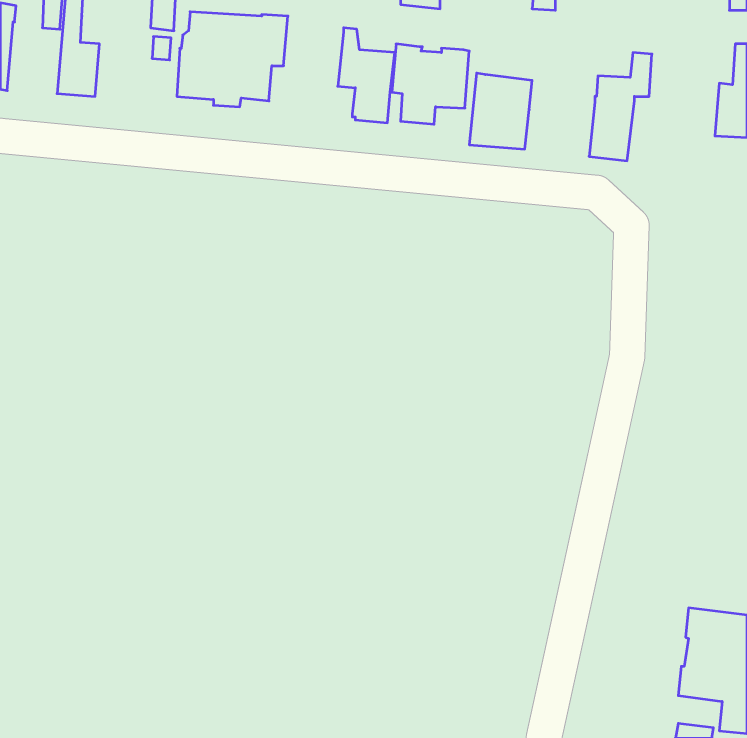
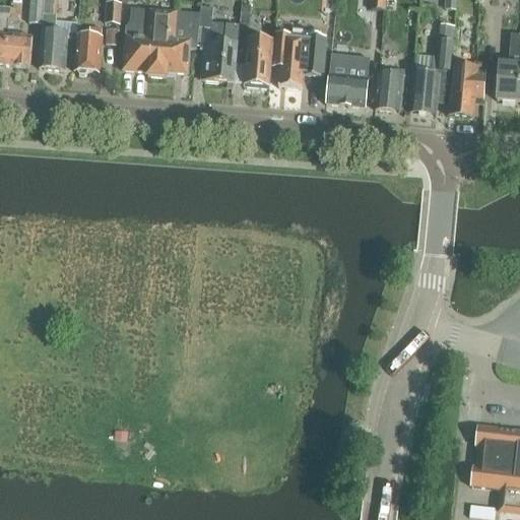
building: none -> [199,4,239,80]
building: none -> [5,15,32,65]
building: none -> [75,23,103,70]
building: none -> [450,59,486,116]
building: none -> [375,65,413,109]

